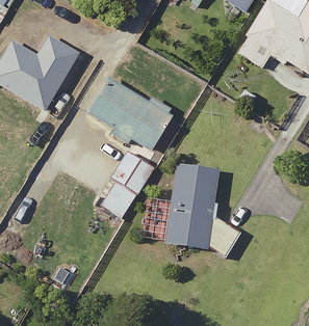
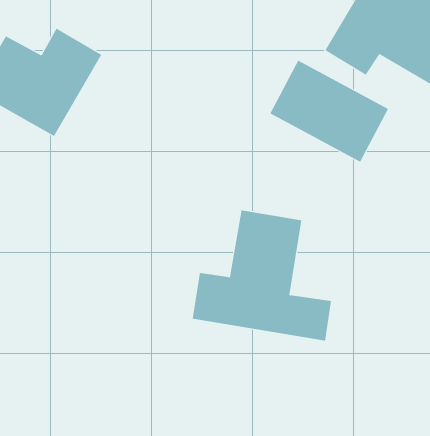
building: [87,77,171,148] -> [270,60,389,163]
building: [97,151,155,218] -> none

